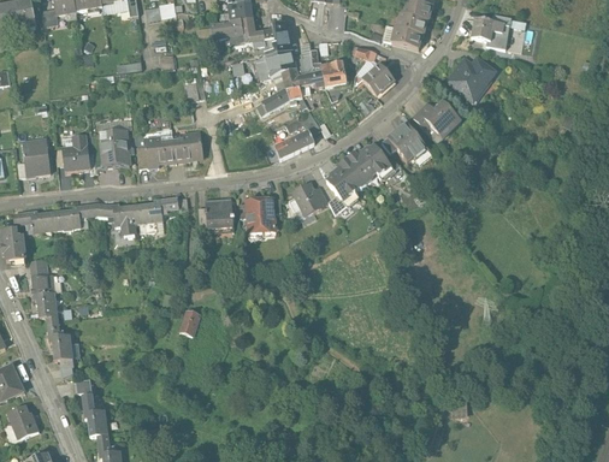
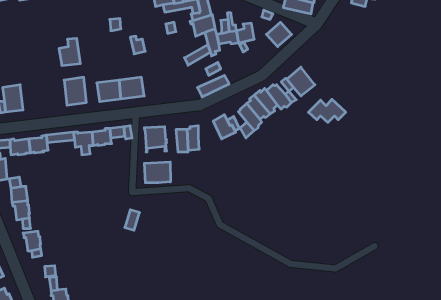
building: [448,58,495,99] -> none
building: [412,95,460,125] -> [308,99,346,122]
building: [60,136,88,171] -> [59,38,80,65]
building: none -> [144,162,170,183]

